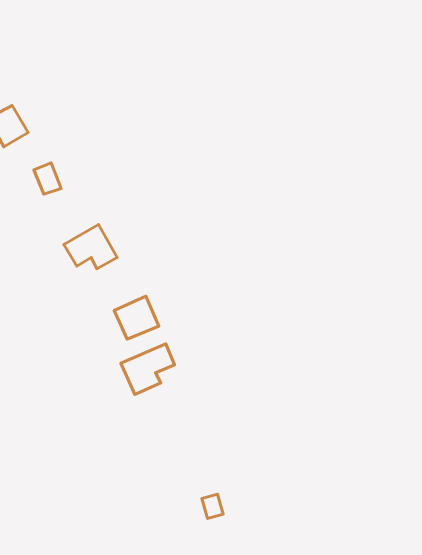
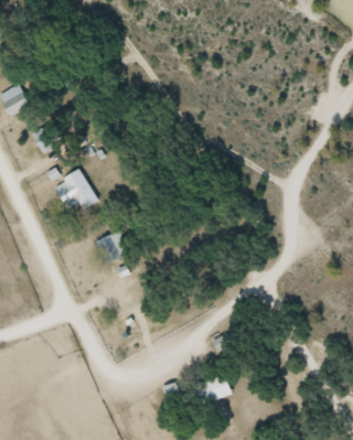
building: [121,344,174,394] -> none
building: none -> [194,375,232,404]

